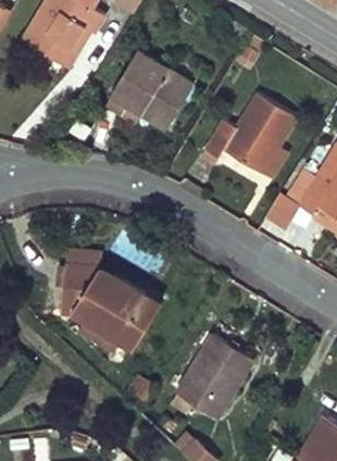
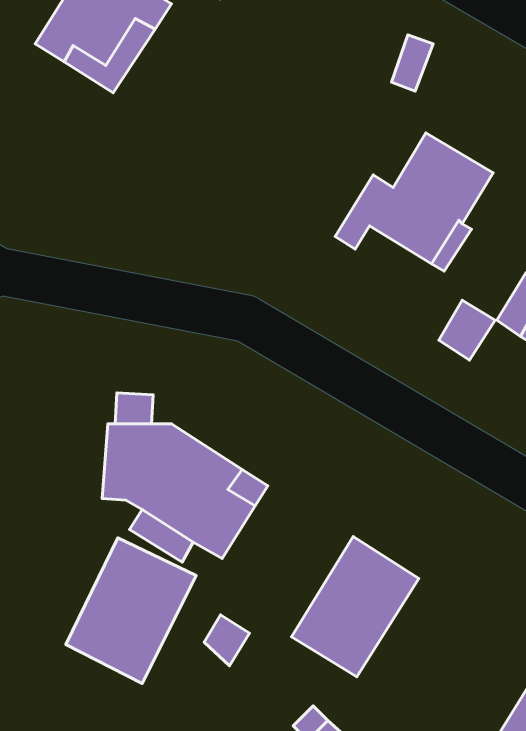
building: [104,51,194,128] -> none
building: none -> [66,538,196,683]

